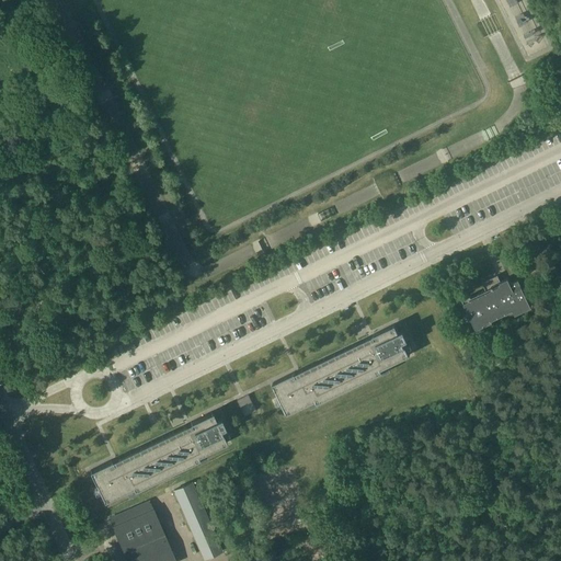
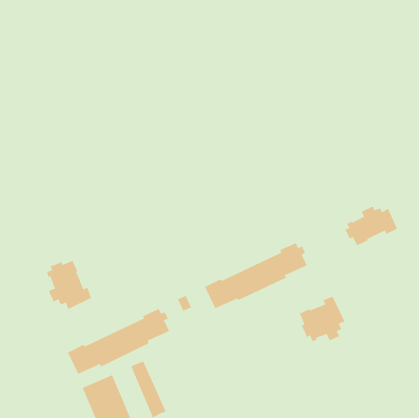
building: none -> [46,260,92,310]
building: none -> [299,296,345,342]

